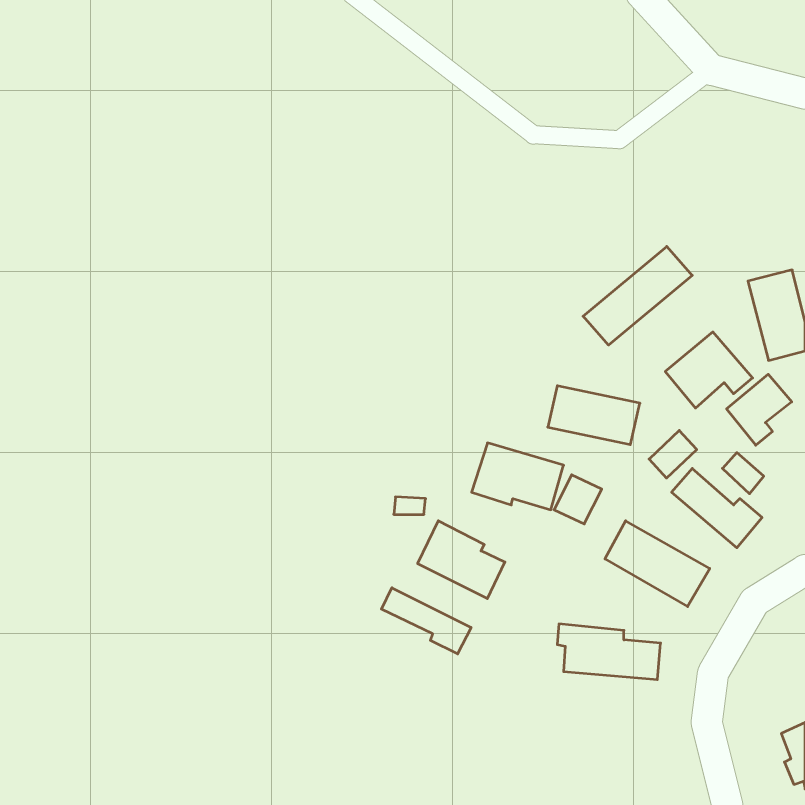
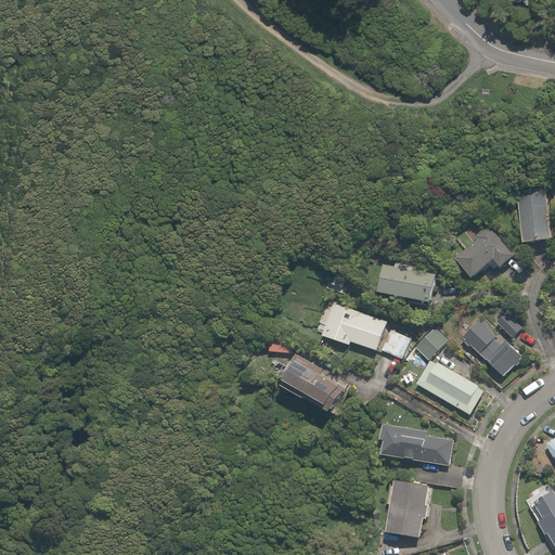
building: [583,246,692,345] -> none
building: [727,374,792,445] -> none
building: [649,430,697,478] -> [413,323,446,356]
building: [381,588,471,654] -> none
building: none -> [385,482,426,539]

